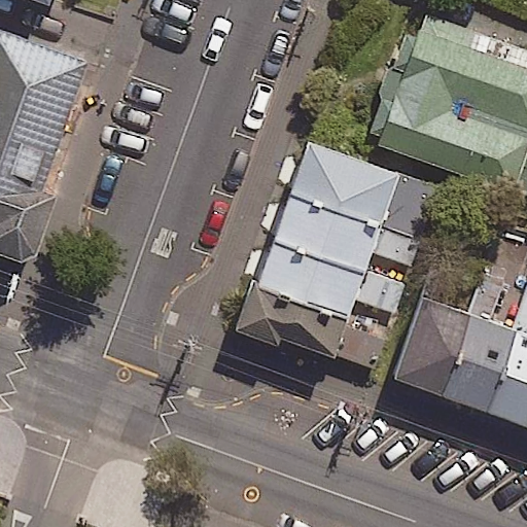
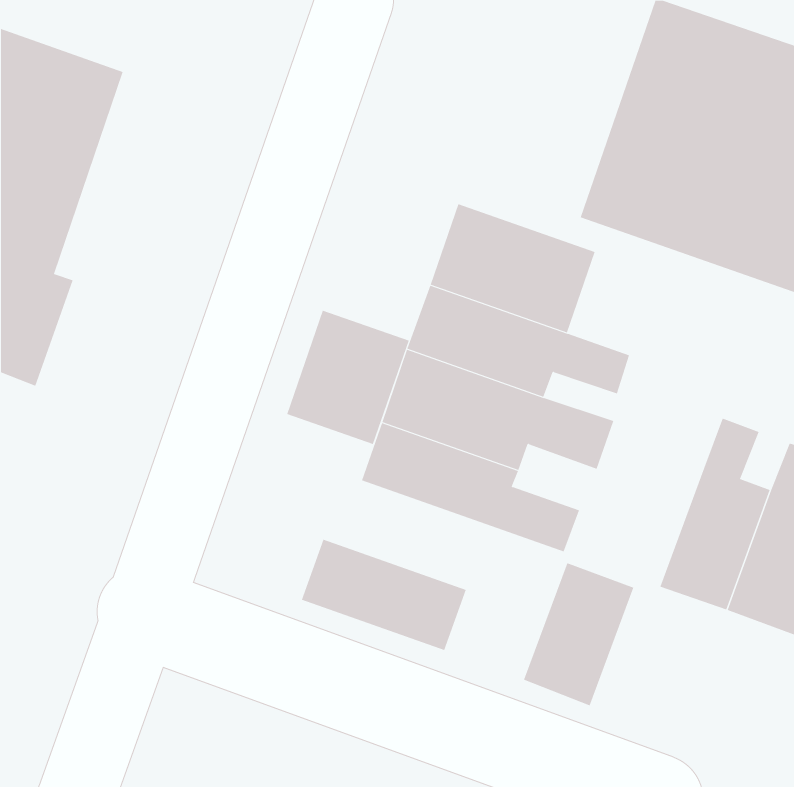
building: none -> [286,310,409,445]
building: [393,300,466,394] -> [523,562,634,706]
building: none -> [301,539,467,651]

